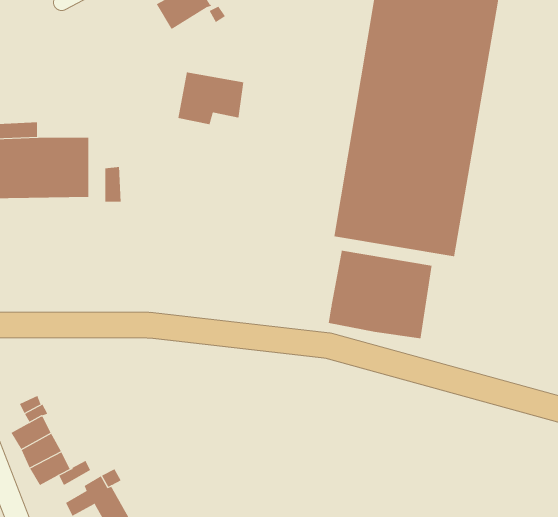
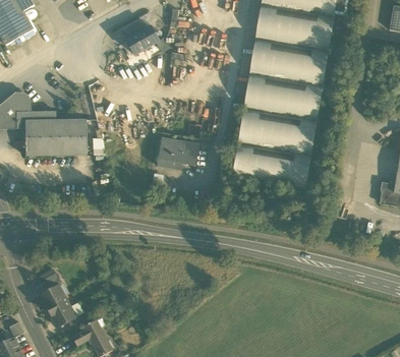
building: [178,72,244,125] -> [158,137,197,169]
building: [328,250,432,339] -> none

